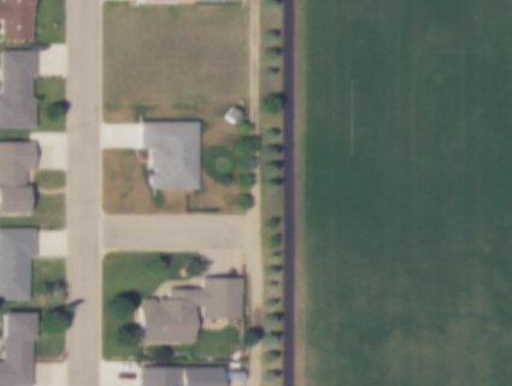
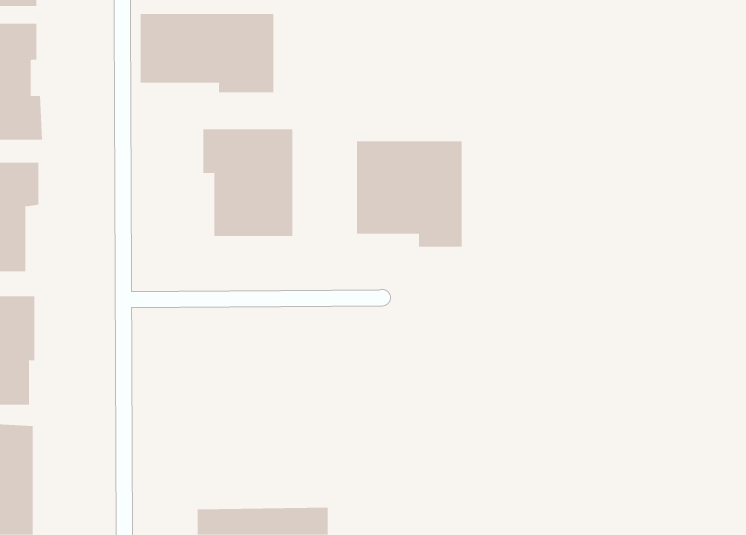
building: none -> [140,13,274,93]
building: none -> [356,141,462,248]
building: [140,277,243,343] -> none

